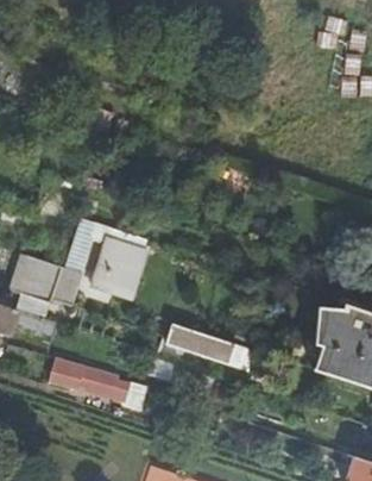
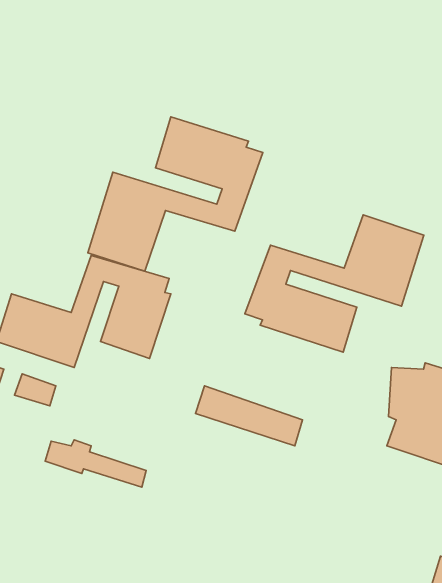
building: none -> [88,117,263,271]
building: none -> [245,215,424,352]

